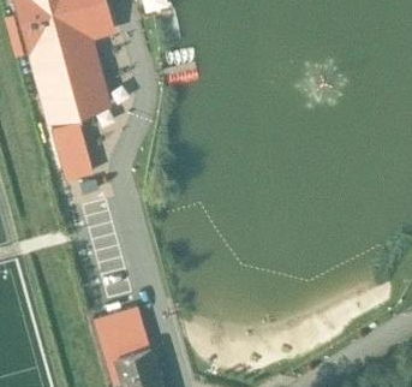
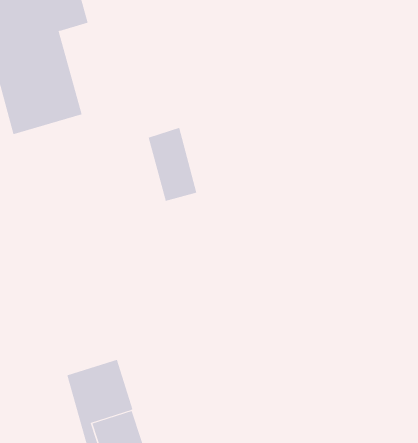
building: [53,120,94,181] -> [148,127,197,201]

